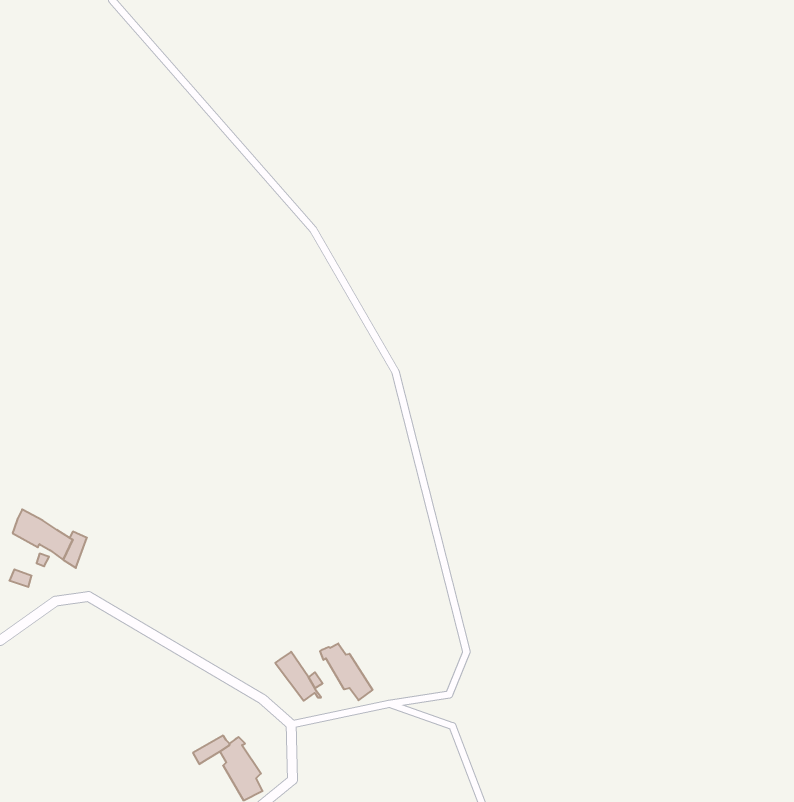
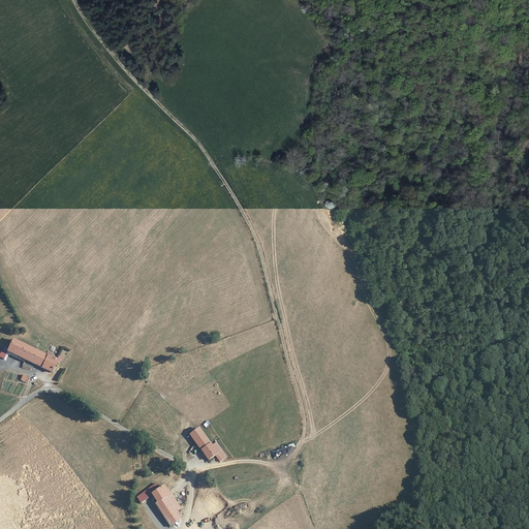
building: [320,643,373,700] -> none

